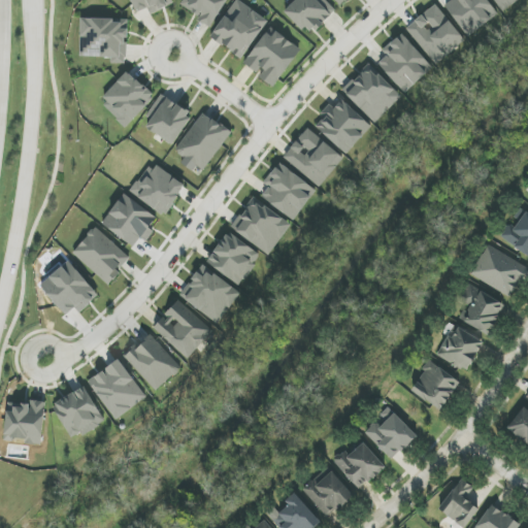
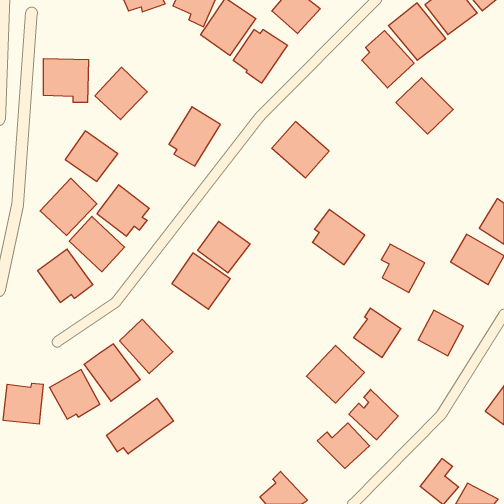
building: [79,18,127,63] -> [43,59,89,102]
building: [341,63,401,122] -> [396,78,453,134]
building: [144,93,192,143] -> none
building: [316,99,371,154] -> none
building: [131,162,186,214] -> [65,131,118,181]
building: [261,162,316,220] -> [312,209,365,265]
building: none -> [40,178,97,235]
building: [231,197,291,254] -> none
building: [459,284,504,334] -> [381,244,425,293]
building: [153,299,211,358] -> none
building: [410,359,460,410] -> [354,308,401,357]
building: none -> [306,345,364,403]
building: none -> [107,398,174,454]
building: [303,466,353,517] -> none

